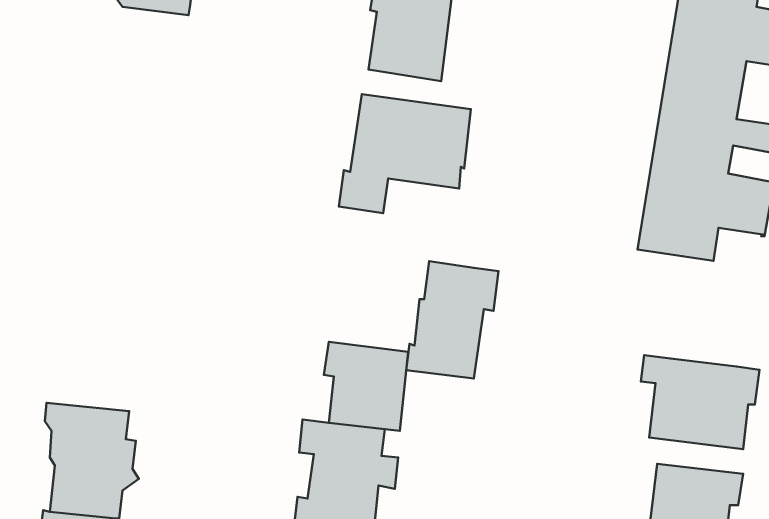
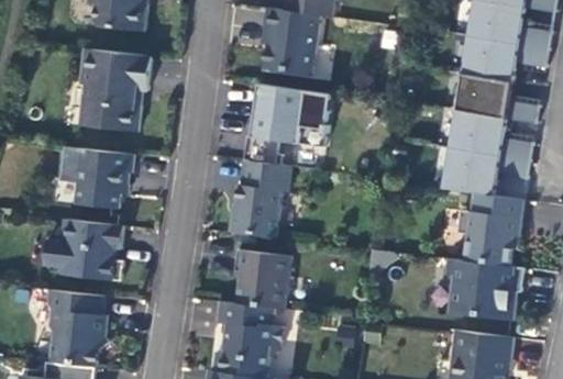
building: none -> [80,48,151,132]
building: none -> [59,147,133,209]
building: none -> [456,192,522,266]
building: [406,261,499,378] -> [228,159,289,237]
building: none -> [44,219,123,281]

